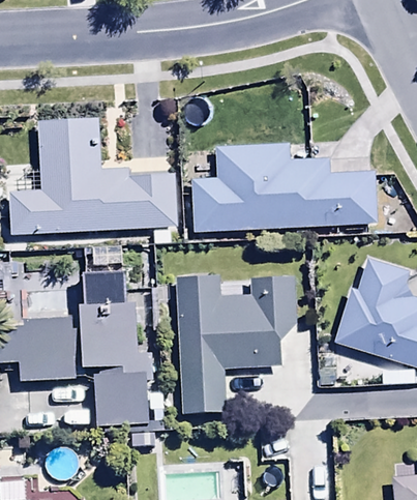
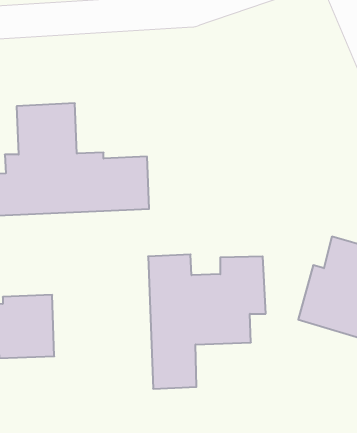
building: [189,143,377,232] -> none
building: [79,270,147,427] -> none

